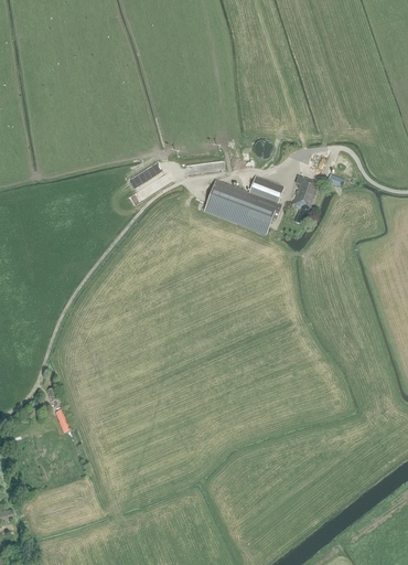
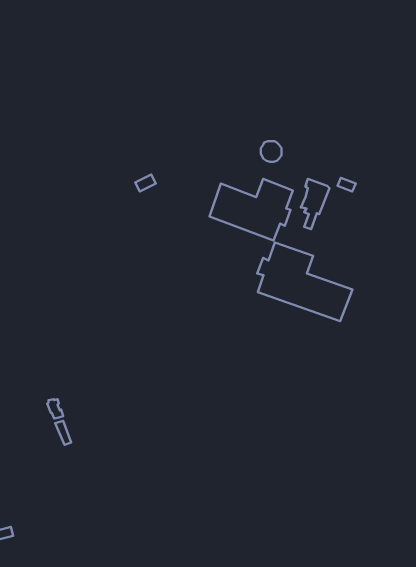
building: none -> [257,242,353,321]

